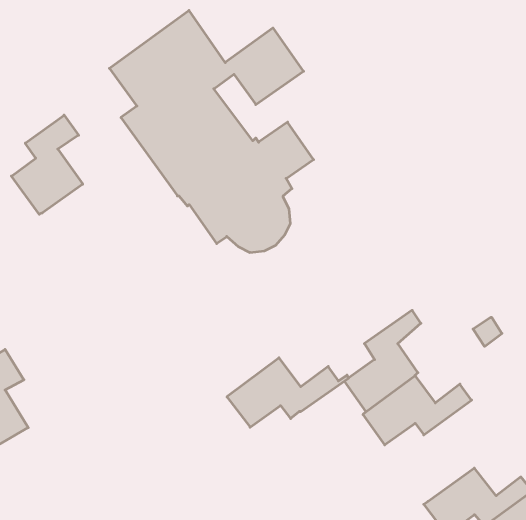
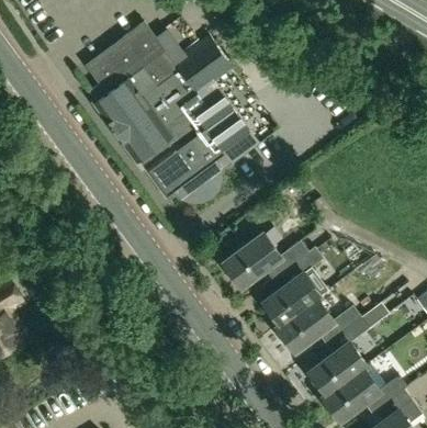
building: [11,115,83,214] -> none
building: [227,358,349,427] -> [223,233,315,285]
building: none -> [311,316,369,393]

